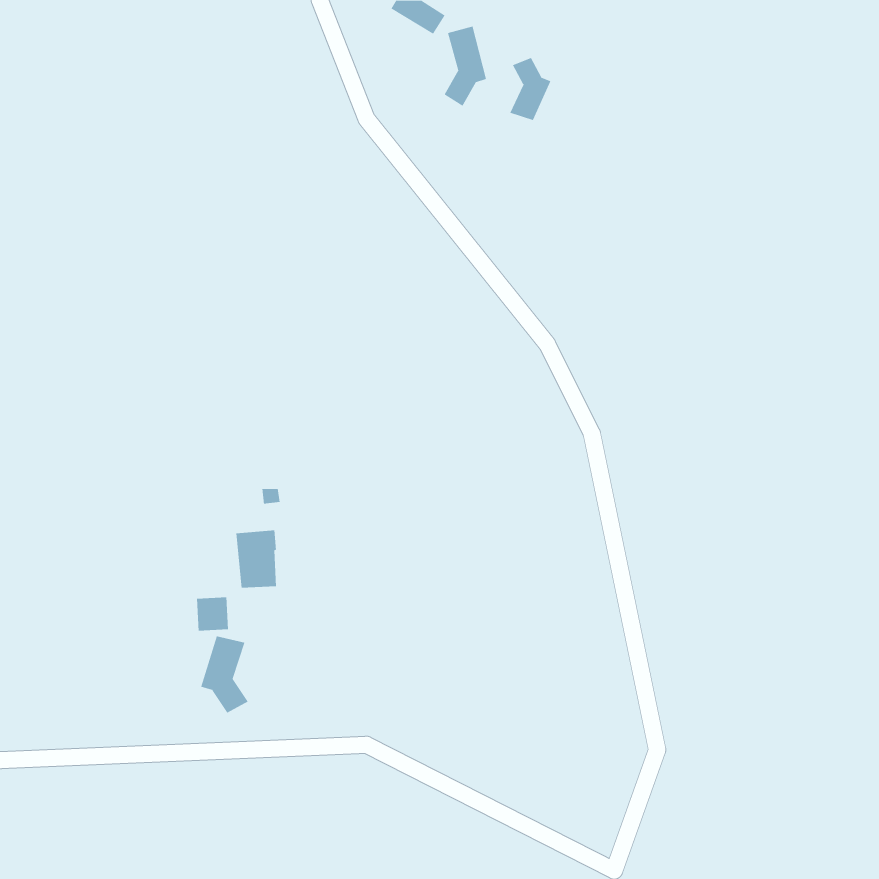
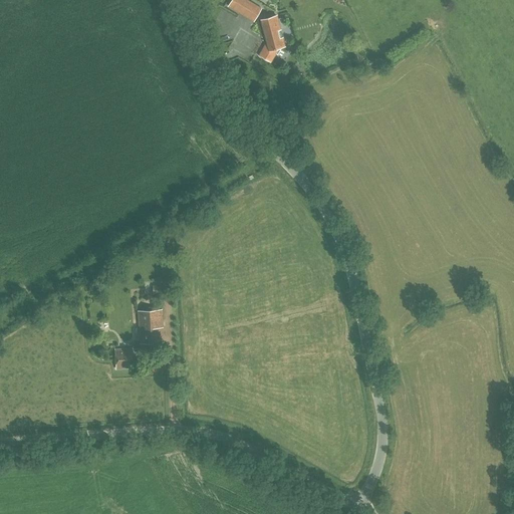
building: [510,57,551,121] -> none
building: [200,636,248,714] -> none

